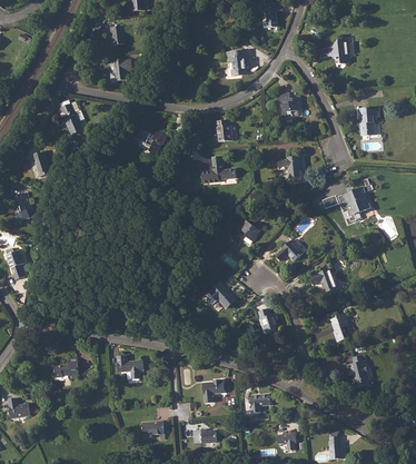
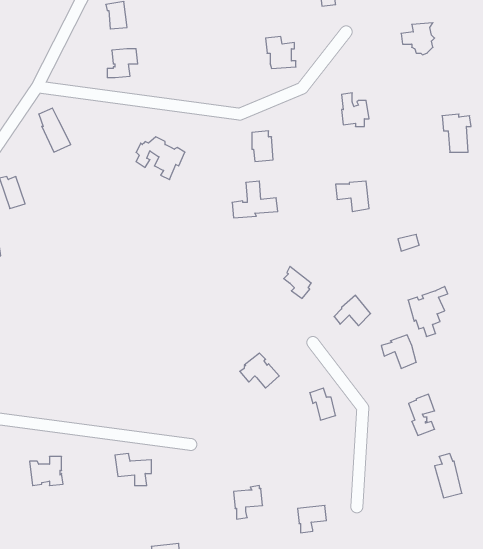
building: [344,184,373,220] -> [408,286,448,337]

